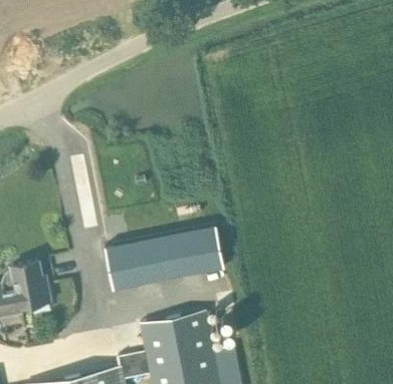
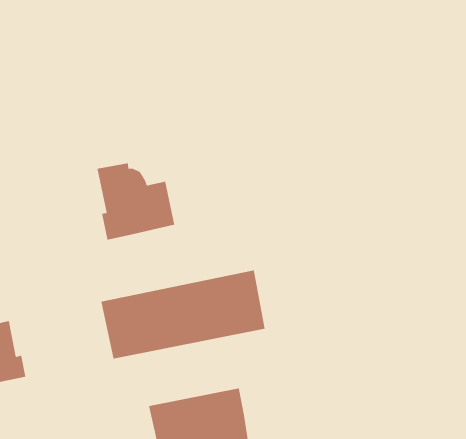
building: none -> [97,163,175,240]

